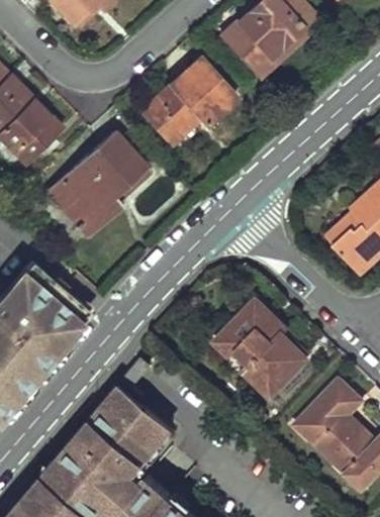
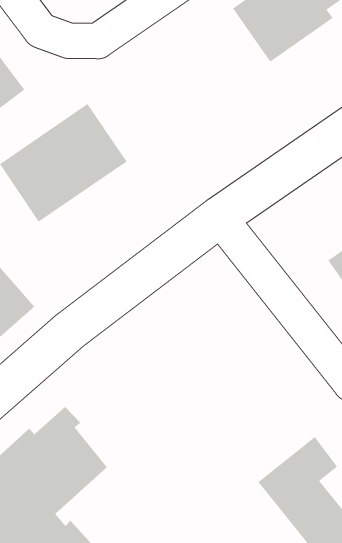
building: [139,57,236,144] -> none
building: [213,299,309,395] -> none

